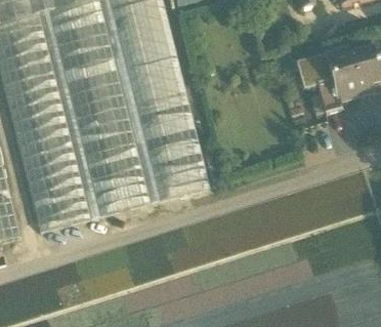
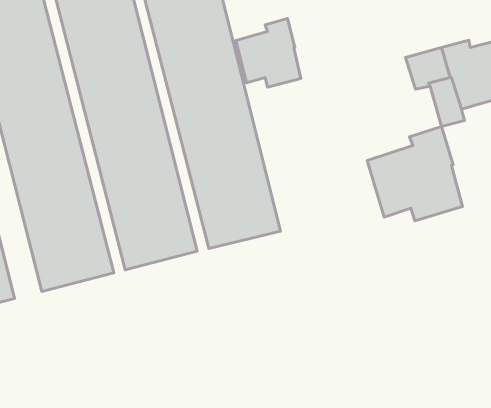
building: none -> [236,19,301,87]
building: none -> [367,126,463,221]

